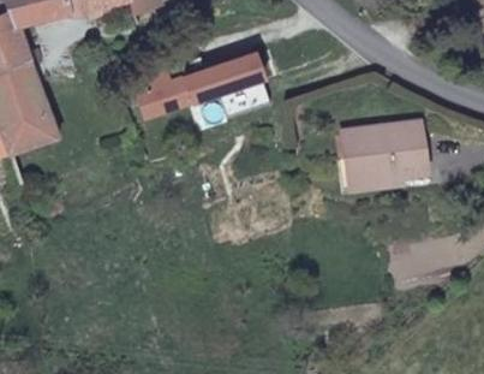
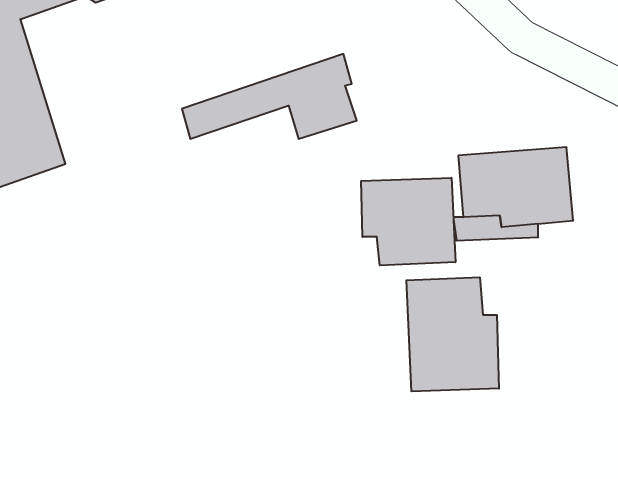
building: none -> [361,178,455,265]
building: none -> [406,277,499,391]

